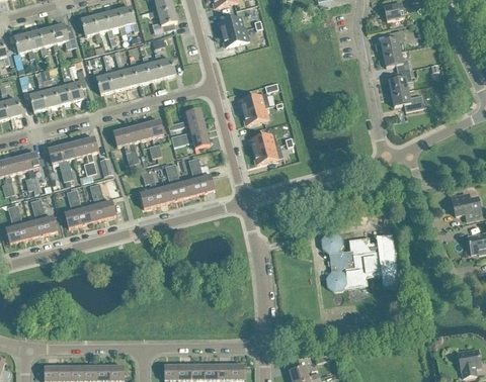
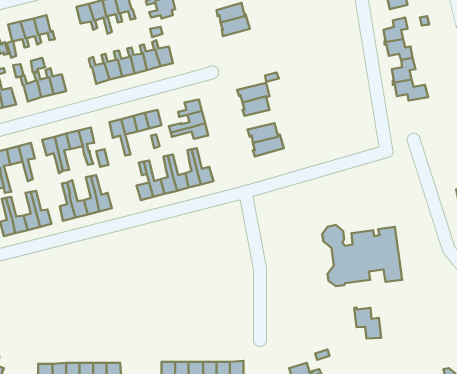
building: [52,23,77,49] -> none
building: [63,70,87,101] -> none
building: none -> [354,307,381,339]

